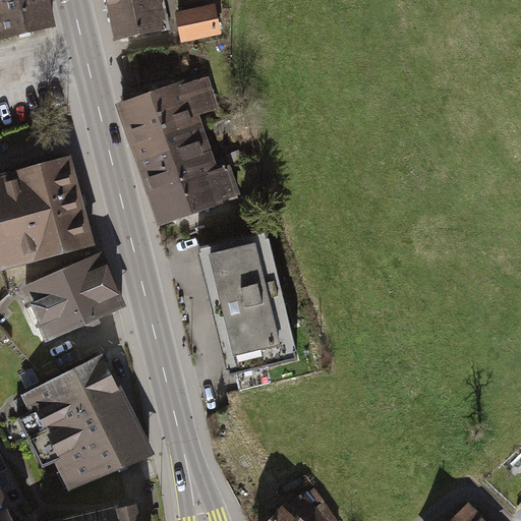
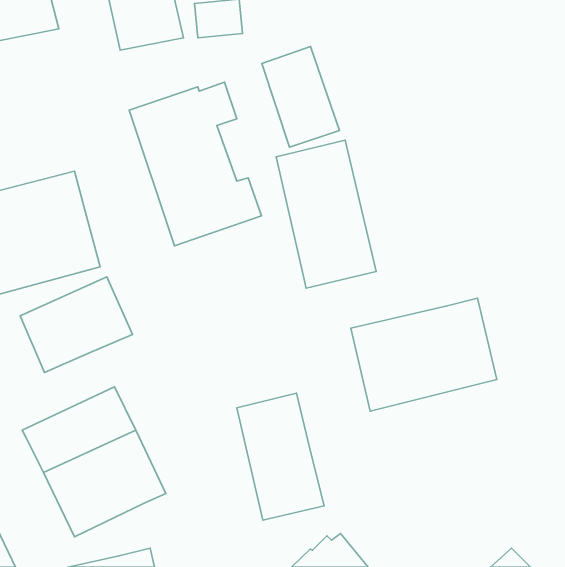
building: none -> [262,47,340,147]
building: [195,228,287,363] -> [276,140,376,288]
building: none -> [351,298,497,411]
building: none -> [237,393,324,520]

